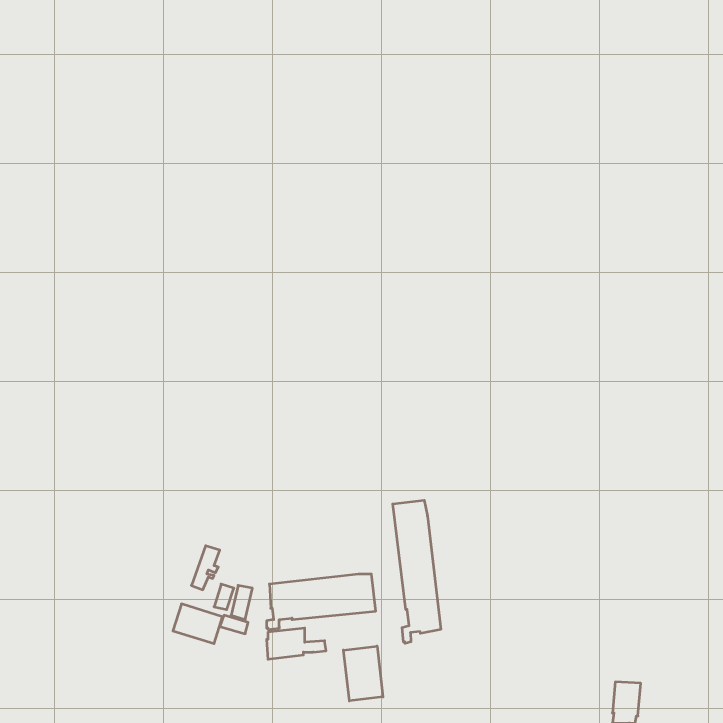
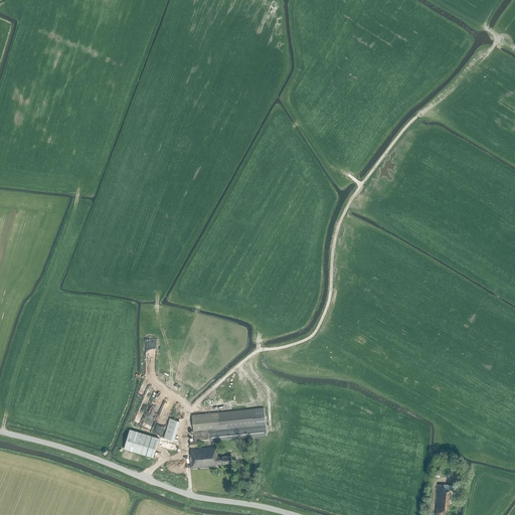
building: [393,500,441,643] -> none
building: [343,646,383,701] -> none

